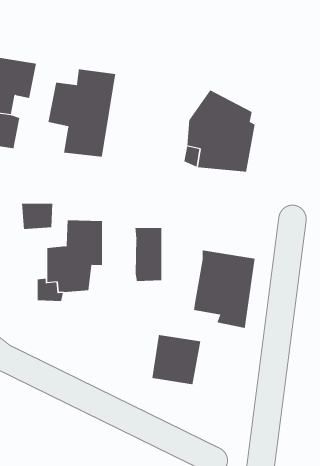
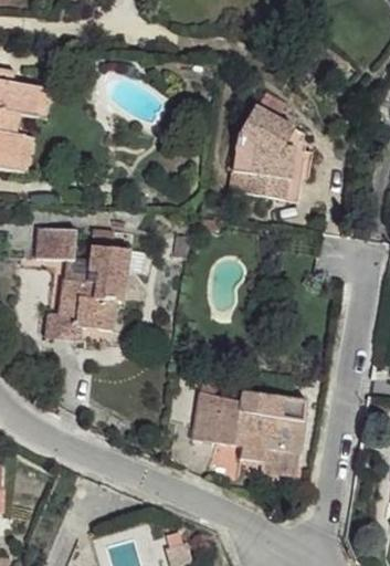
building: [48,69,116,157] -> none
building: [135,227,162,282] -> none
building: [193,250,255,328] -> [233,382,304,472]

